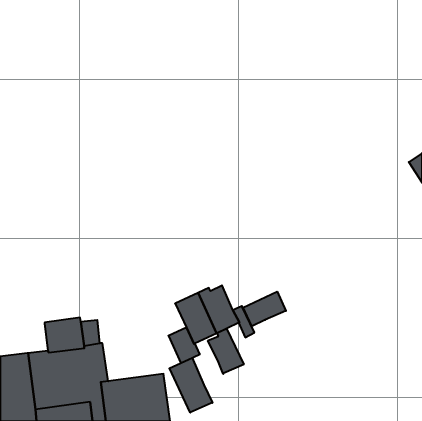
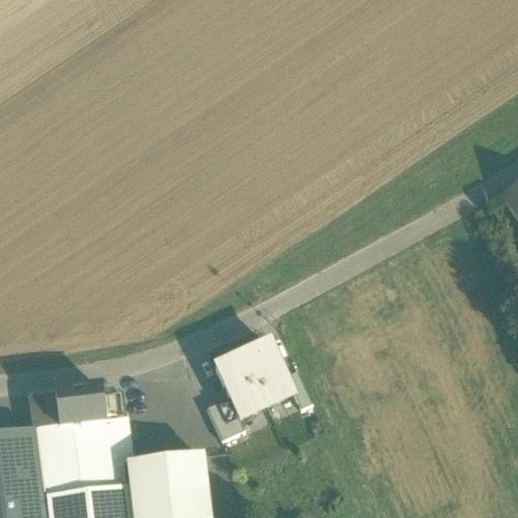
building: [243,292,286,326] -> none
building: none -> [29,396,59,432]
building: [208,329,244,374] -> none
building: [169,358,212,413] -> none

